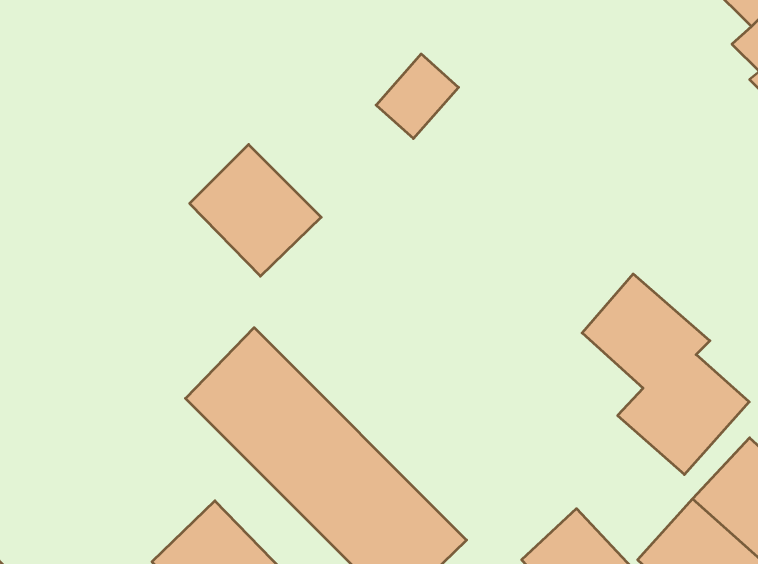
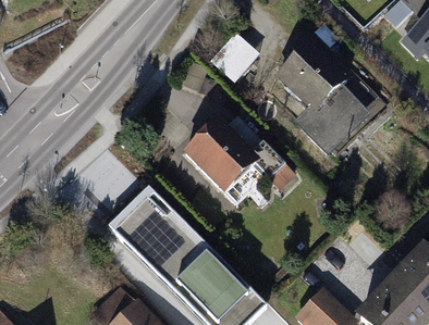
building: [190,144,321,276] -> [183,120,256,192]
building: [582,274,749,475] -> [283,42,376,153]

